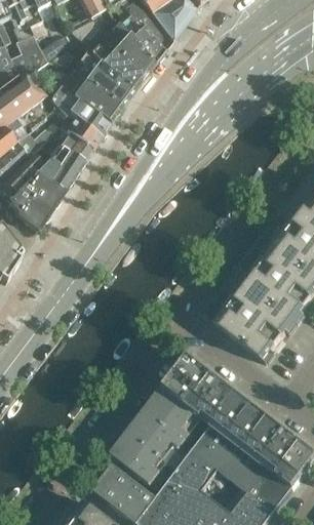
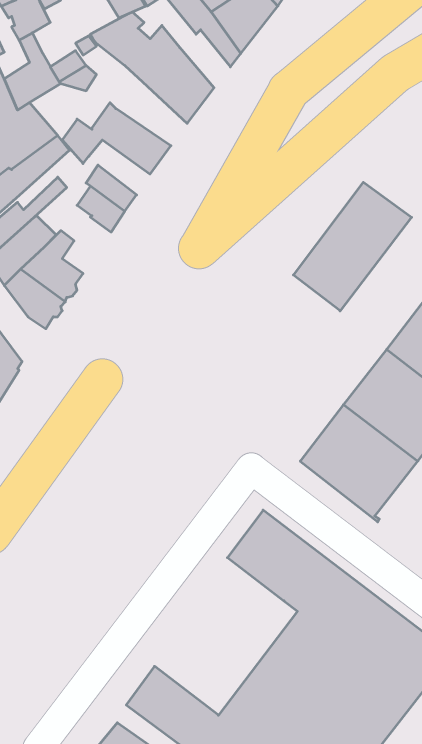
building: [128,23,163,63] -> none
building: [73,47,133,103] -> none
building: [66,98,108,136] -> none
building: none -> [293,182,412,311]
building: [45,151,81,191] -> none
building: [110,387,200,482] -> none

